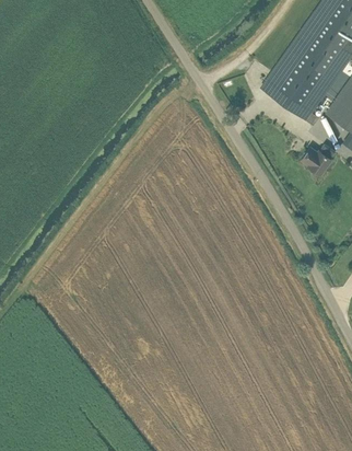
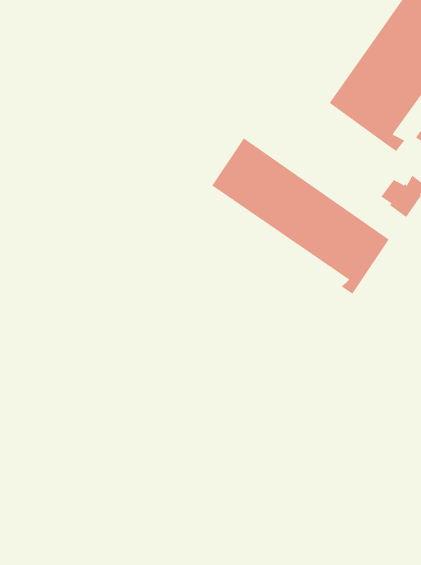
building: none -> [212,137,390,294]

